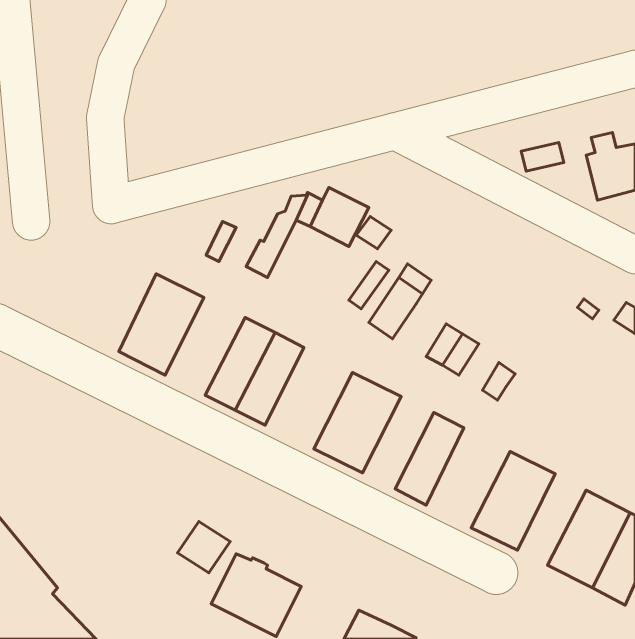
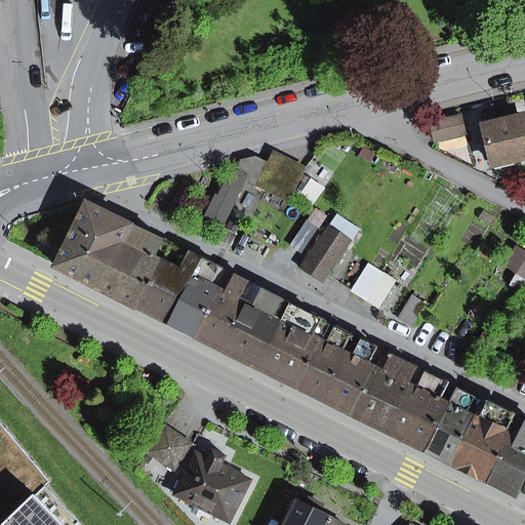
building: none -> [54,205,128,288]
building: none -> [135,244,201,324]
building: none -> [217,285,289,368]
building: none -> [297,325,356,401]
building: none -> [350,351,418,433]
building: none -> [425,389,481,463]

